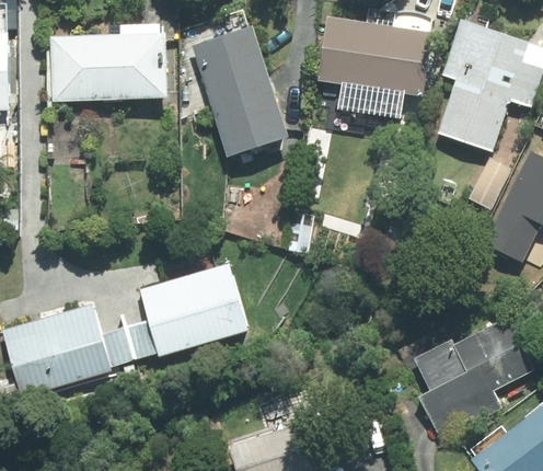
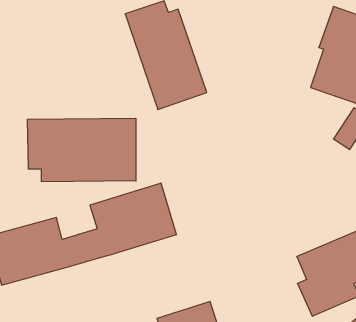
building: [50,21,169,100] -> none
building: [323,24,434,140] -> none
building: none -> [28,118,136,182]

